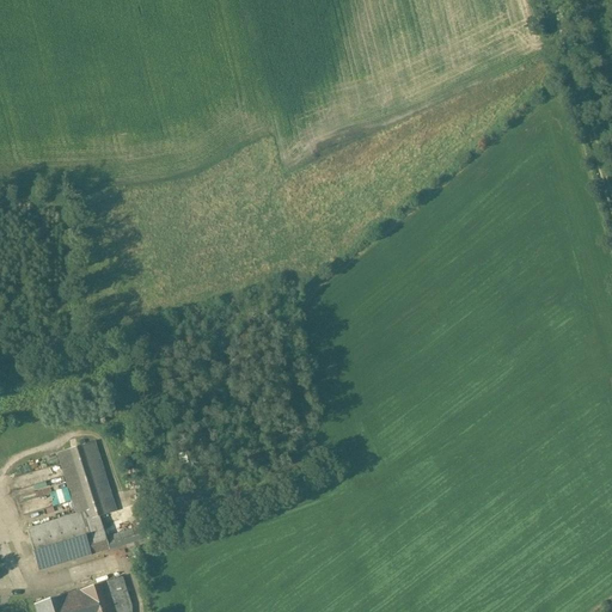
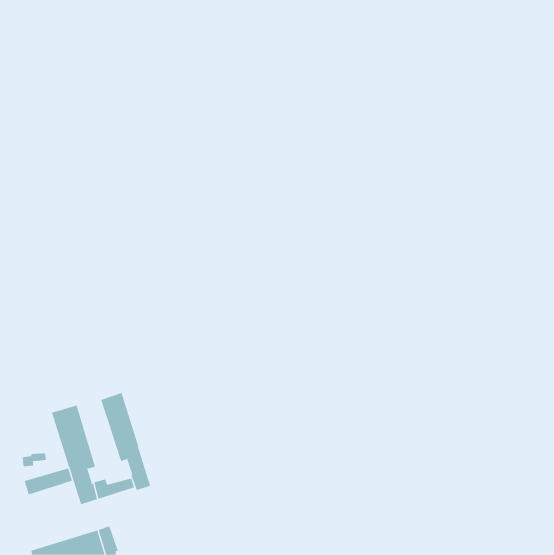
building: none -> [101,392,151,491]
building: [33,528,91,570] -> none

